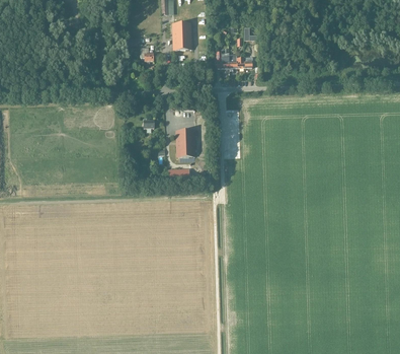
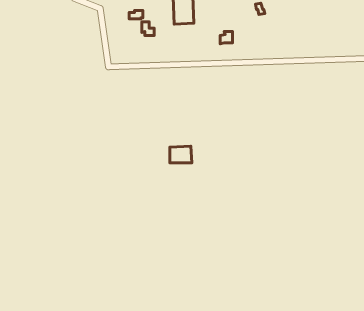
building: [176,130,195,157] -> none

